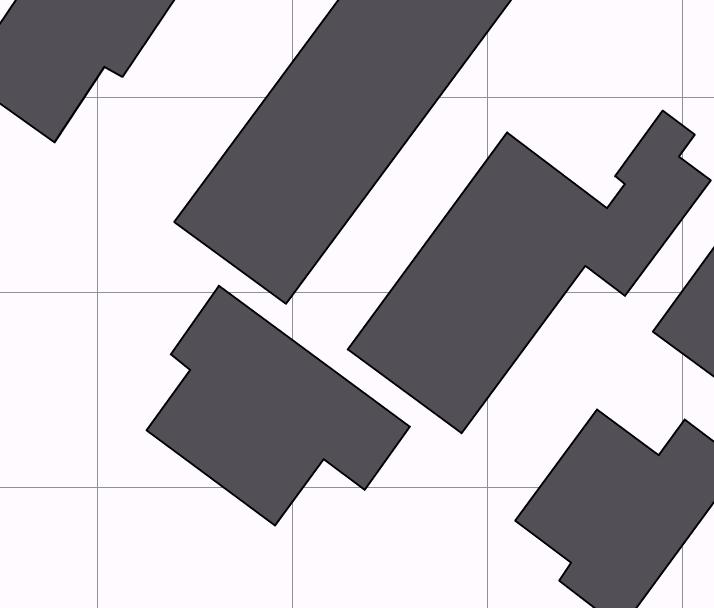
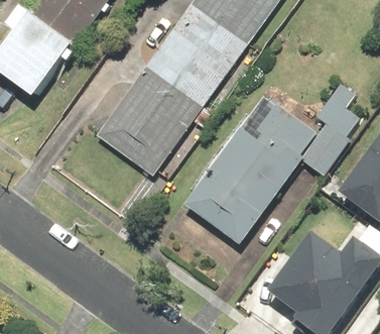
building: [147,286,410,526] -> none

